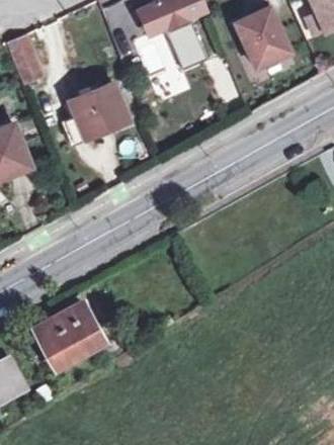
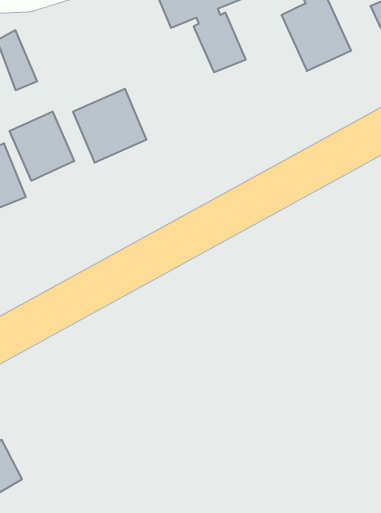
building: none -> [10,111,74,181]
building: [40,308,108,372] -> none

